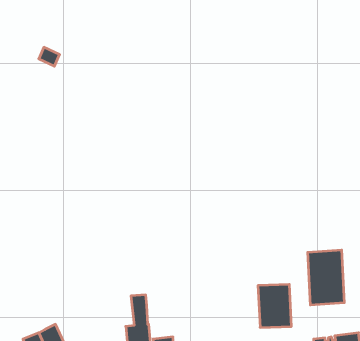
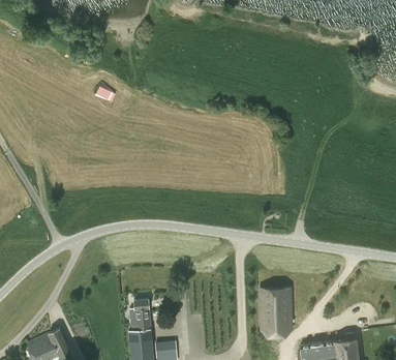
building: [308,250,344,305] -> none

